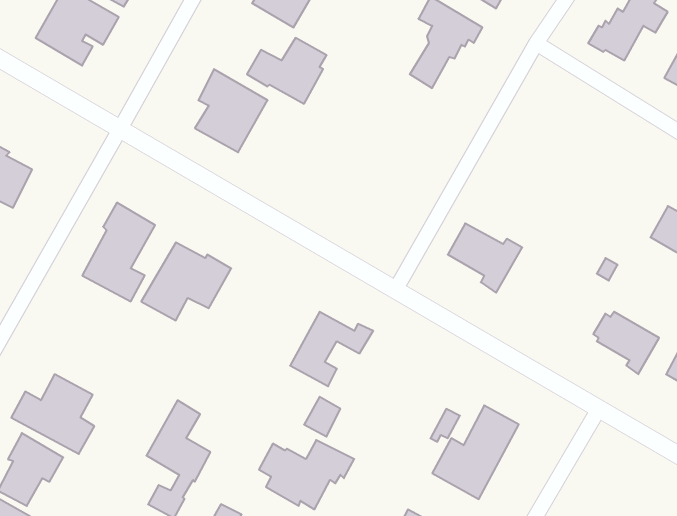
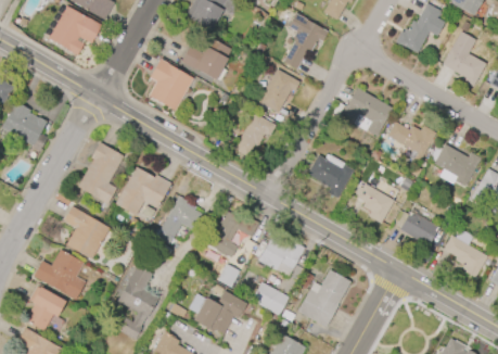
building: none -> [258,69,299,114]
building: none -> [342,89,393,137]
building: none -> [235,113,276,156]
building: none -> [387,122,437,163]
building: none -> [356,184,395,224]
building: none -> [161,197,202,238]
building: none -> [64,206,110,260]
building: none -> [258,239,306,271]
building: none -> [252,282,290,316]

